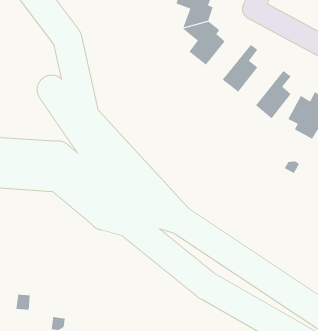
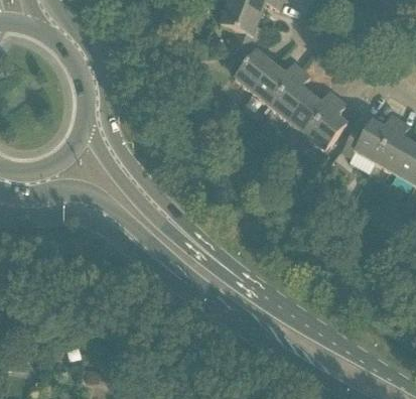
building: none -> [254,61,302,107]
building: none -> [289,90,337,135]

